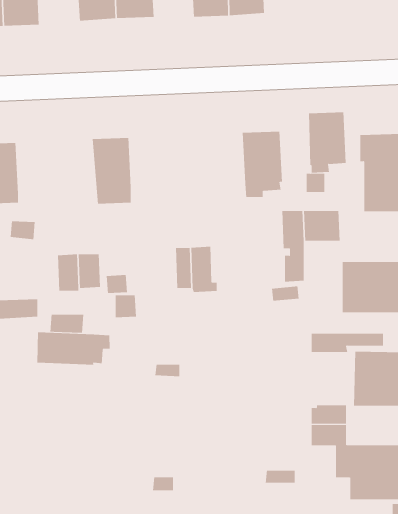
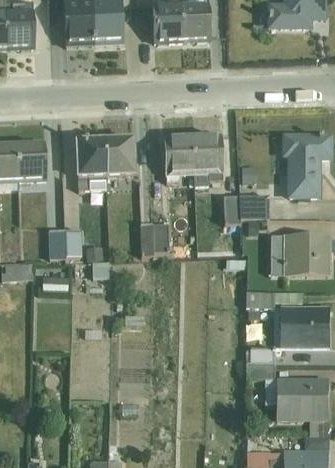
building: [308,112,347,173] -> [164,134,194,182]
building: none -> [104,136,137,177]
building: none -> [16,140,47,182]
building: [37,332,110,365] -> none

